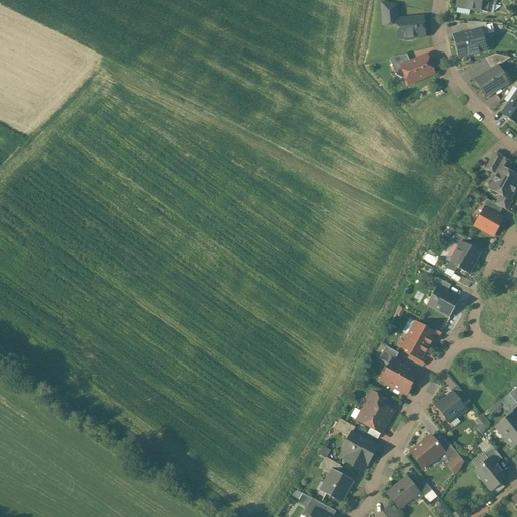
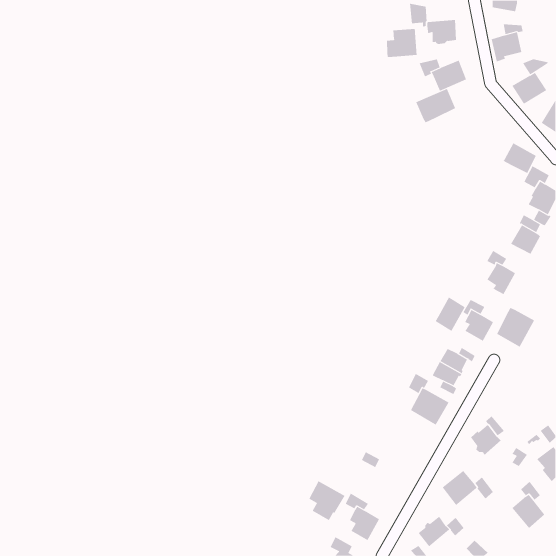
building: none -> [386,28,417,58]
building: none -> [416,88,456,123]
building: none -> [503,143,537,174]
building: none -> [435,297,465,332]
building: none -> [497,307,535,347]
building: [356,392,393,434] -> none
building: [342,433,377,471] -> [308,480,345,521]

